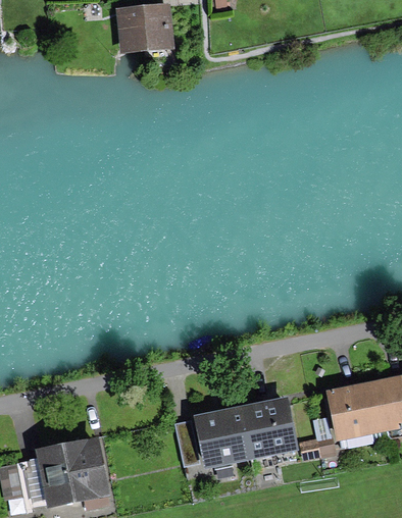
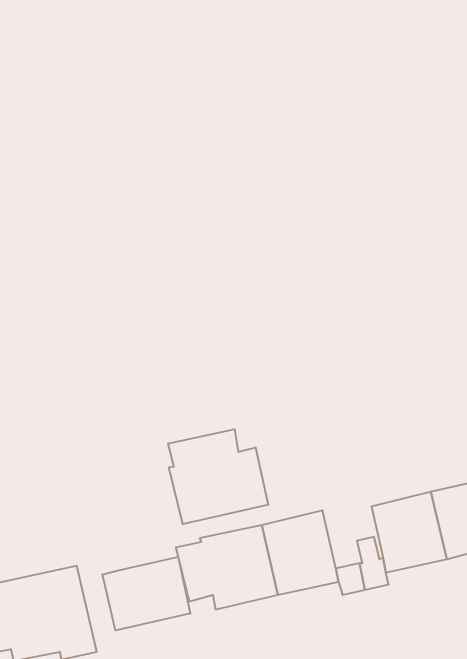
building: [123,9,166,44] -> none
building: none -> [168,429,268,524]
building: none -> [102,557,190,630]

